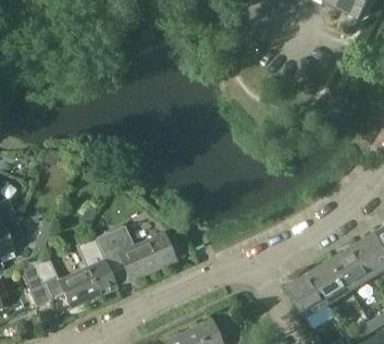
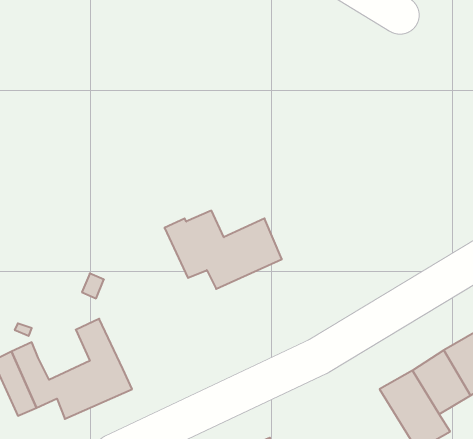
building: [92,225,174,280] -> [164,211,282,289]

